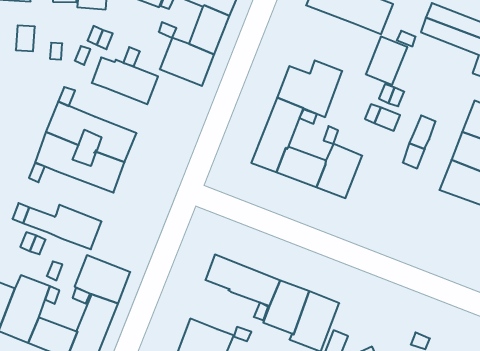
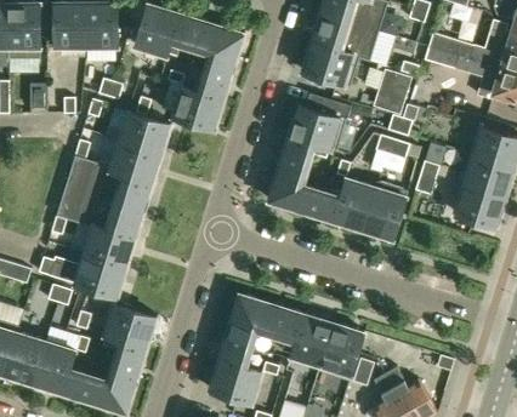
building: none -> [301,44,358,87]
building: none -> [97,135,161,181]
building: none -> [362,181,408,239]
building: none -> [69,223,135,269]
building: none -> [218,319,256,366]

